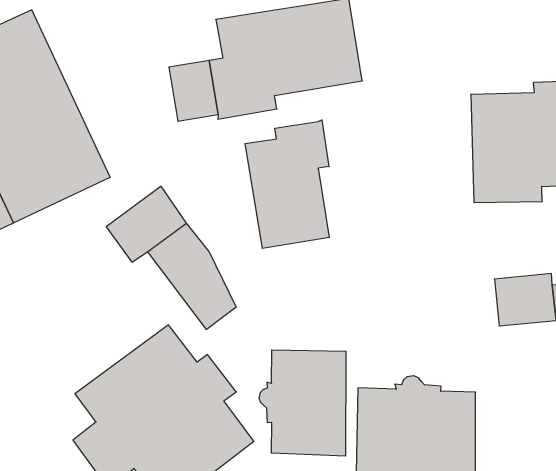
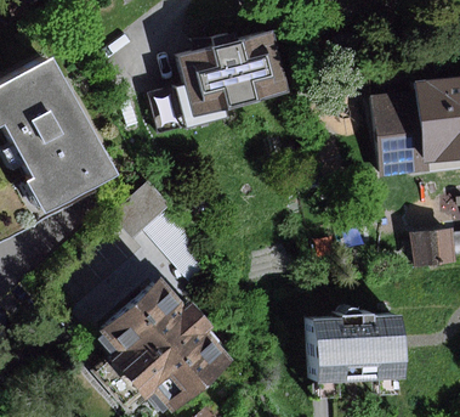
building: [245,120,329,248] -> none
building: [259,350,346,456] -> none

